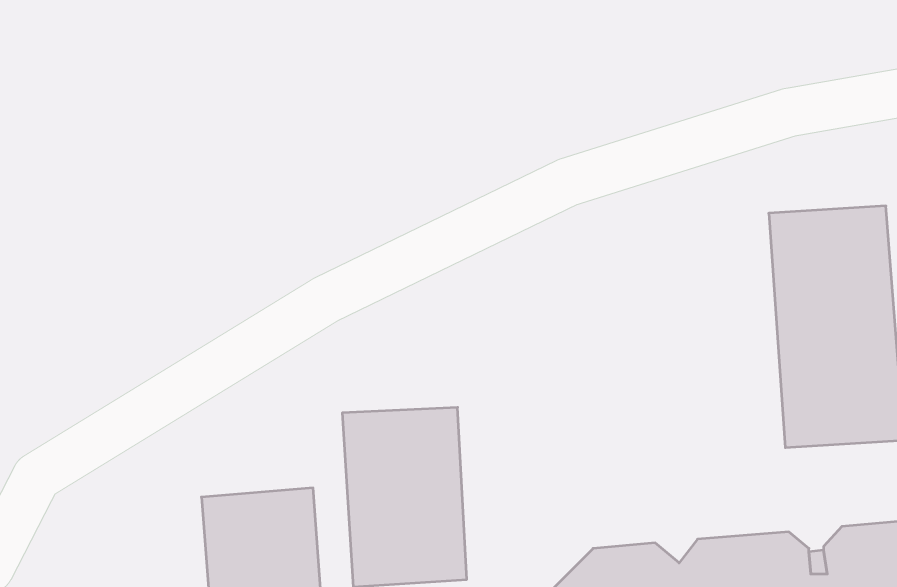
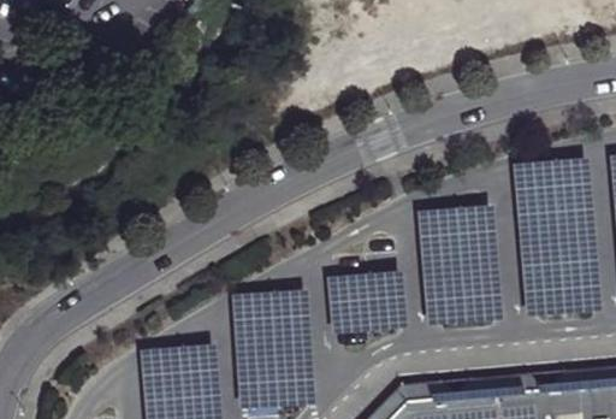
building: none -> [417,207,503,327]
building: none -> [327,272,408,336]

